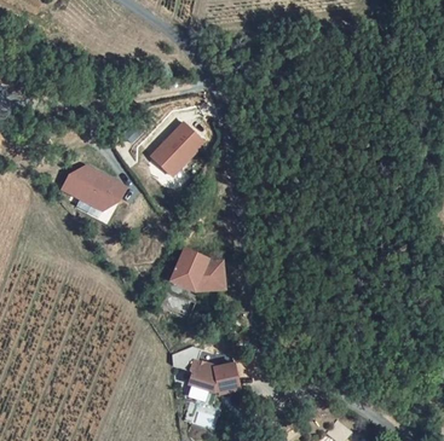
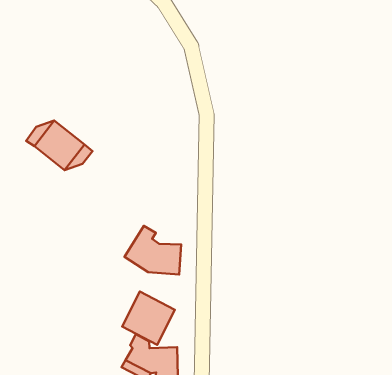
building: [152,120,206,173] -> none
building: none -> [122,291,175,345]

